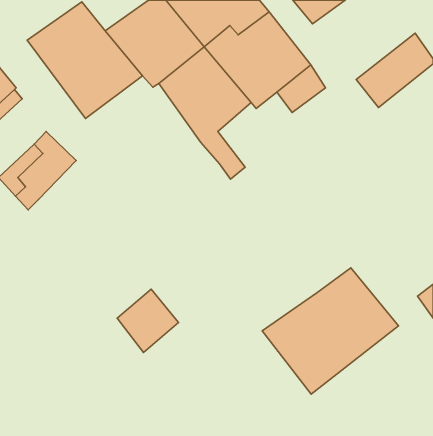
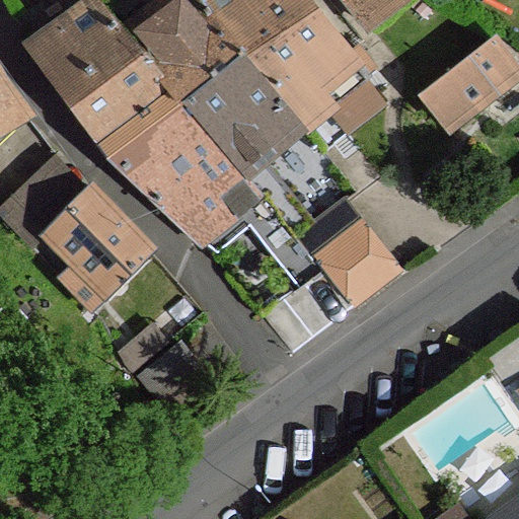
building: none -> [101,90,261,242]
building: none -> [46,191,147,294]
building: none -> [293,197,399,308]
building: [262,268,398,394] -> none

